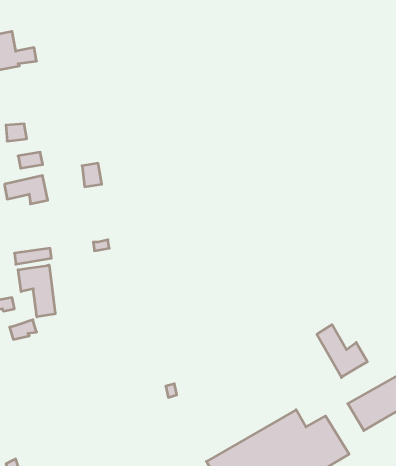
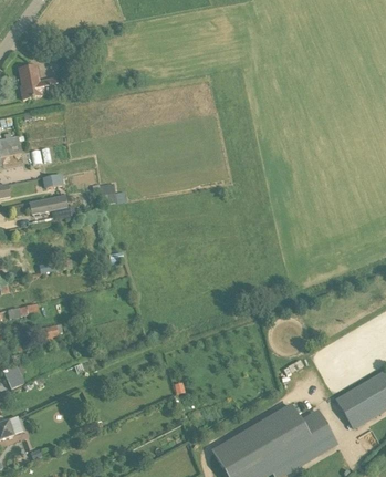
building: [18,265,55,317] -> none
building: [317,325,367,378] -> none

